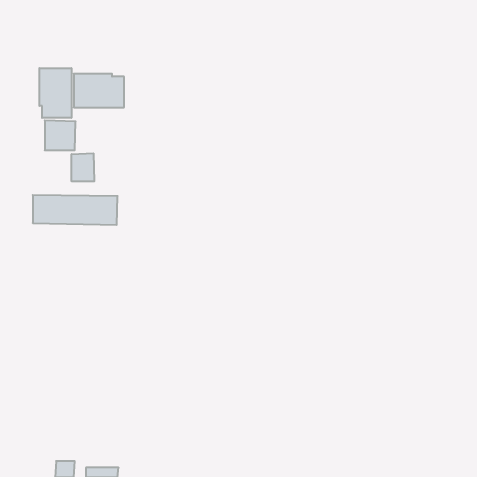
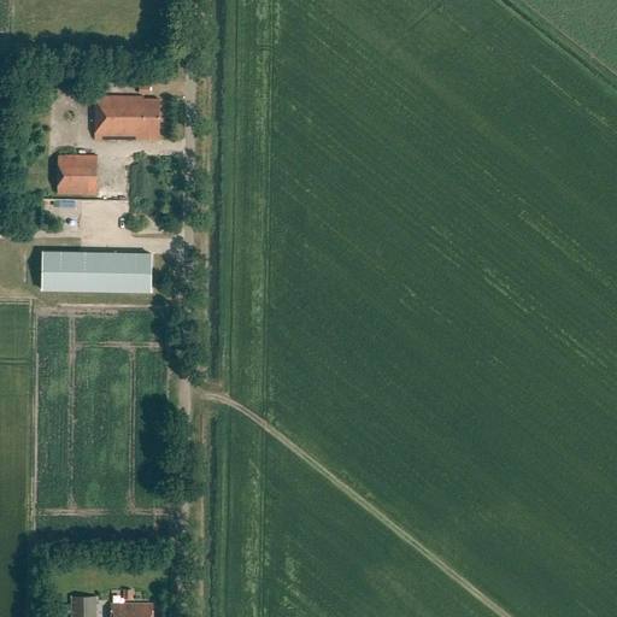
building: [39,68,71,118] -> none
building: [72,153,94,181] -> none

